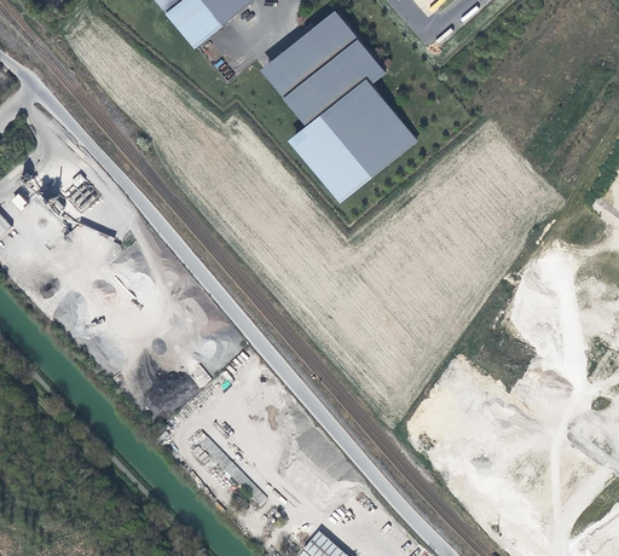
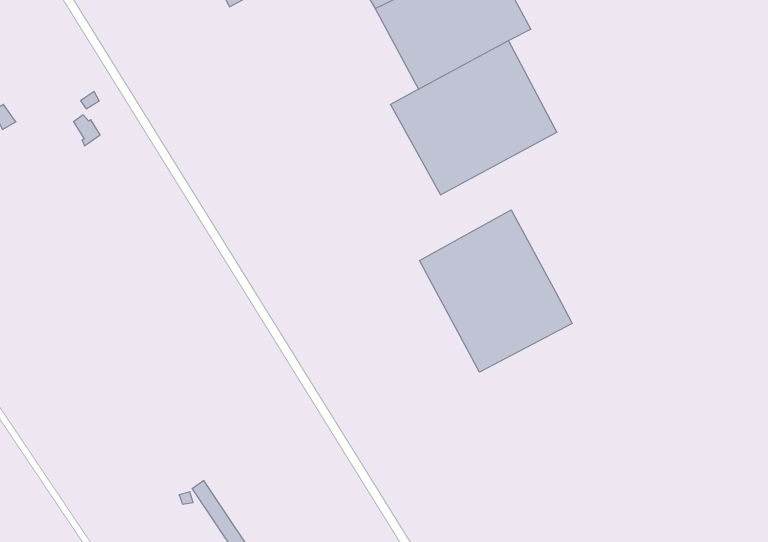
building: none -> [419,210,572,372]

